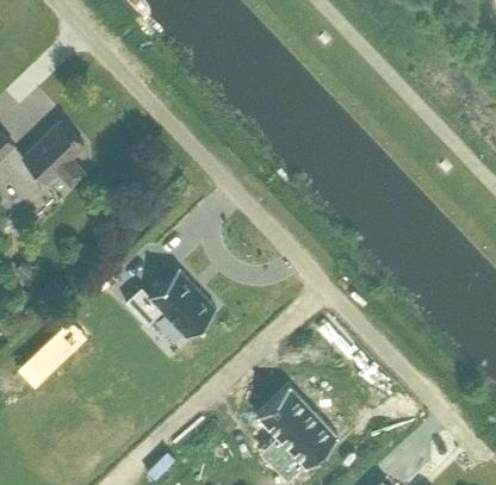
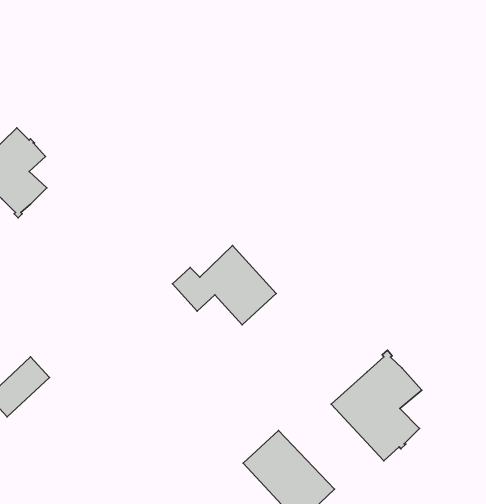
building: [125,269,216,338] -> [173,246,276,325]
building: none -> [331,350,422,461]

